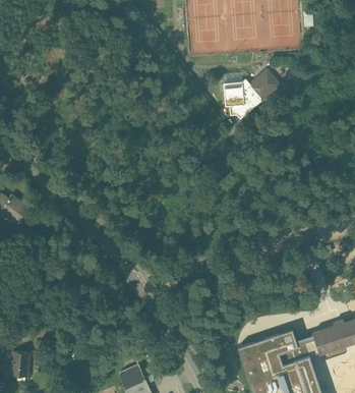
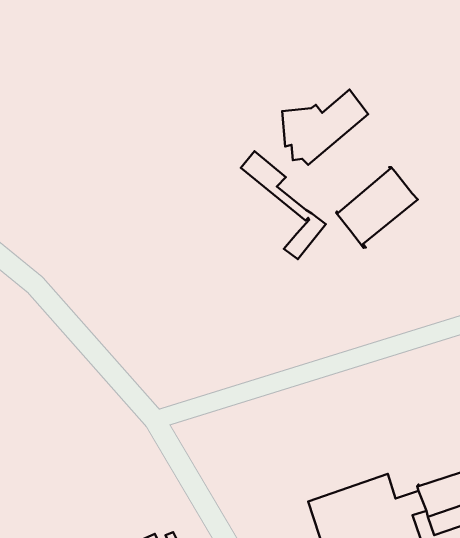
building: none -> [241,151,326,259]
building: none -> [336,167,418,248]

